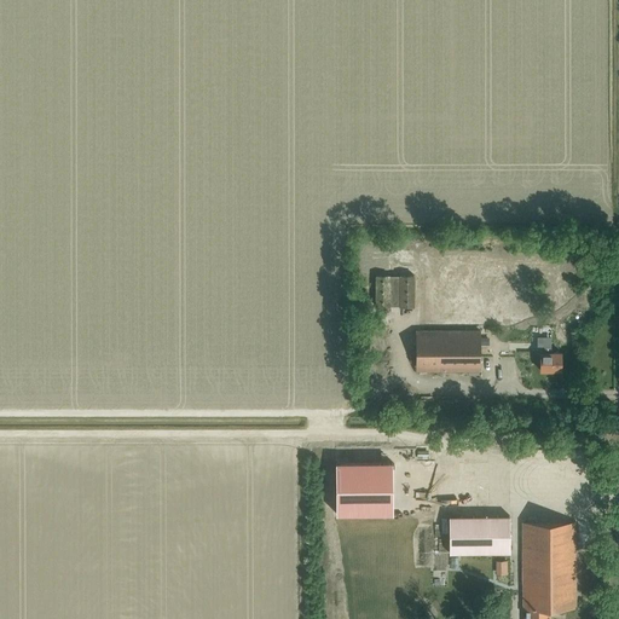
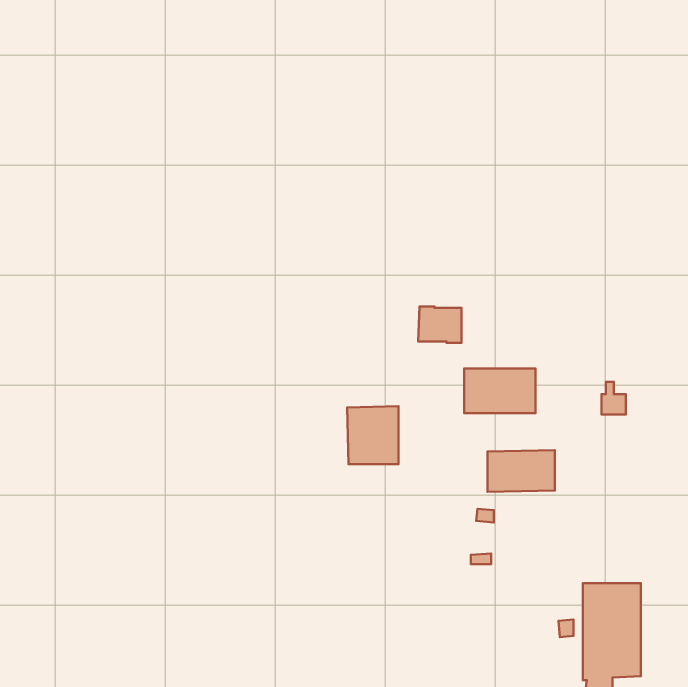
building: [336,464,382,516] -> [347,406,398,464]
building: [450,517,510,555] -> [487,450,555,492]

